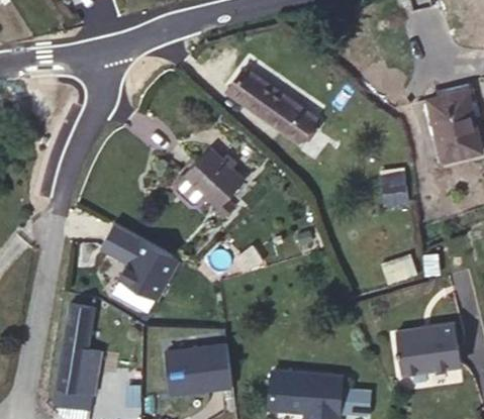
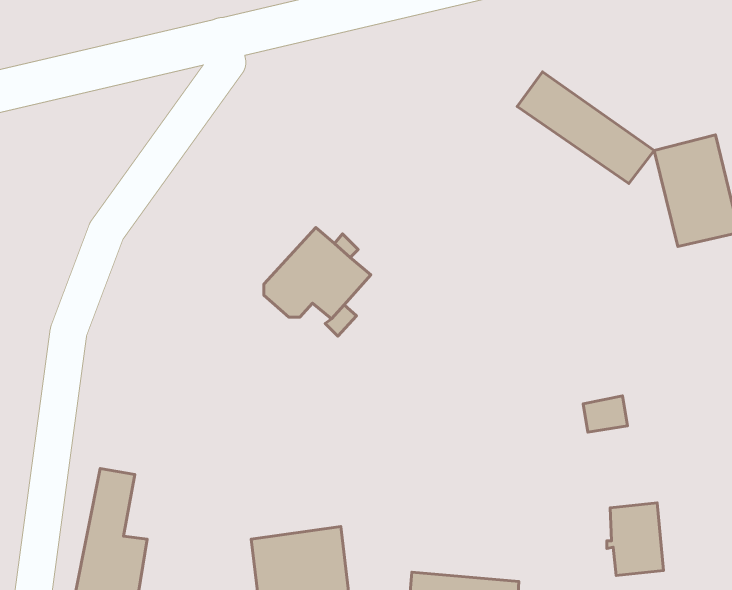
building: [227,70,315,141] -> [517,72,654,184]
building: [377,166,409,209] -> none
building: [101,223,178,300] -> none
building: [429,323,461,370] -> none

